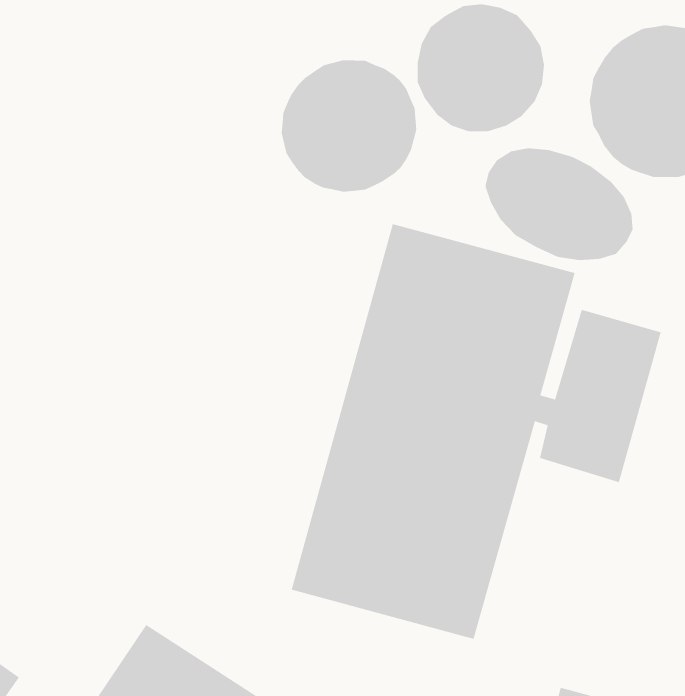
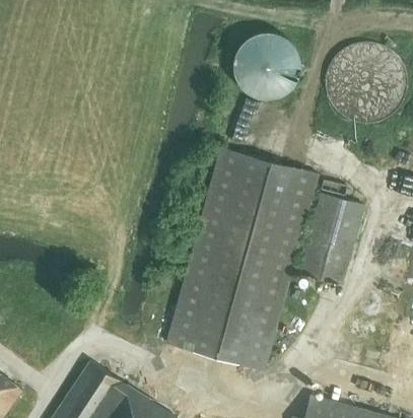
building: [281,59,417,192] -> none
building: [485,148,633,261] -> none

